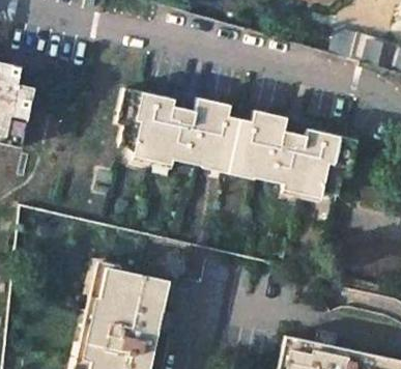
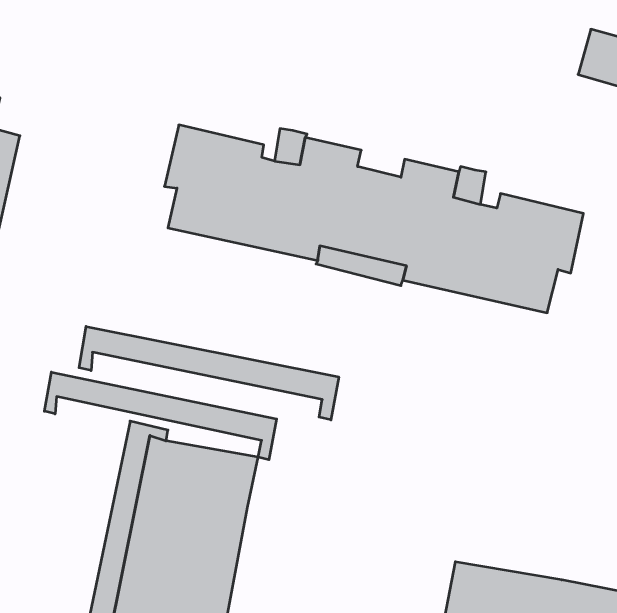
building: none -> [79,326,339,420]
building: none -> [44,372,277,460]

